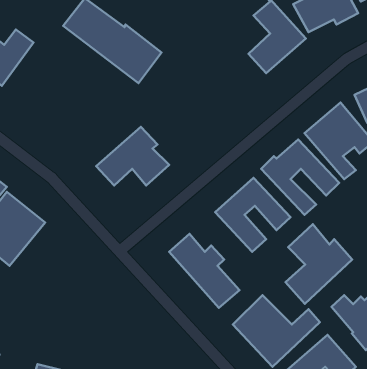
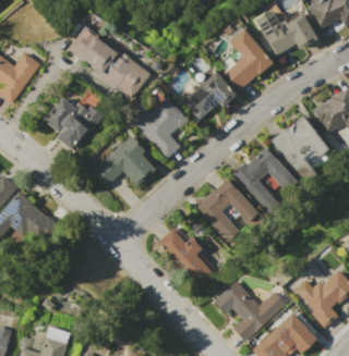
building: none -> [185,72,236,119]
building: none -> [44,96,101,149]
building: none -> [132,98,188,159]
building: [285,224,352,304] -> none

